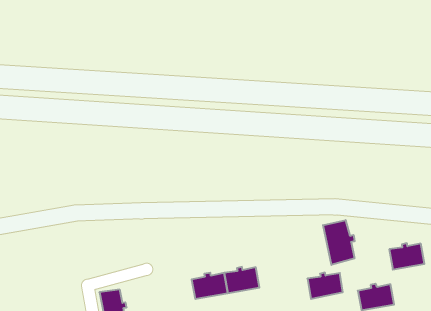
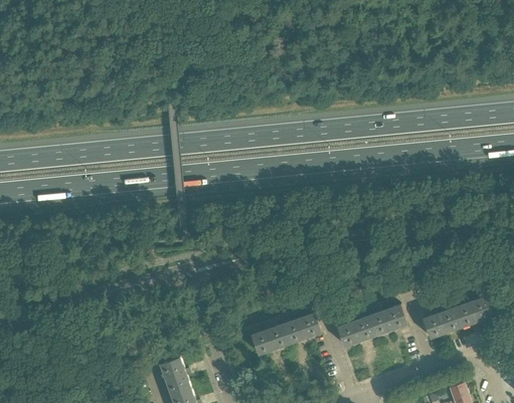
building: [323,220,355,265] -> none
building: [389,243,424,270] -> [454,295,492,327]
building: none -> [336,315,375,346]

